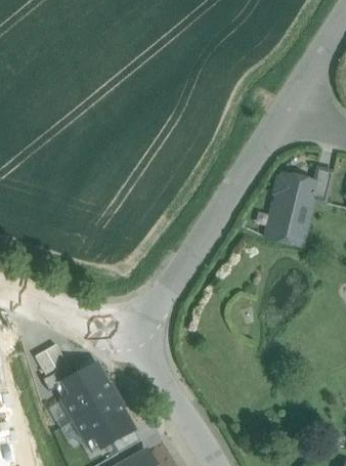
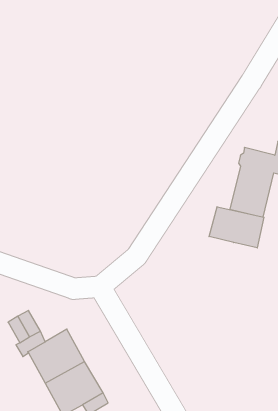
building: none -> [209,207,264,248]

